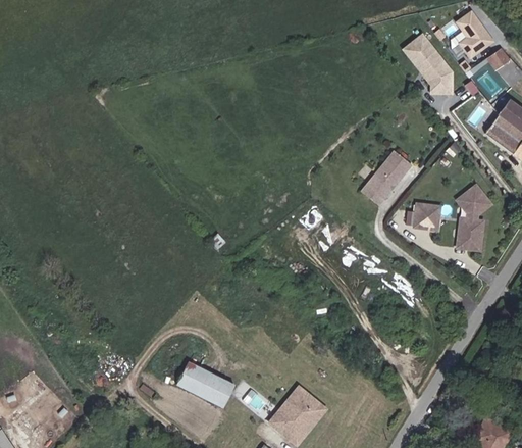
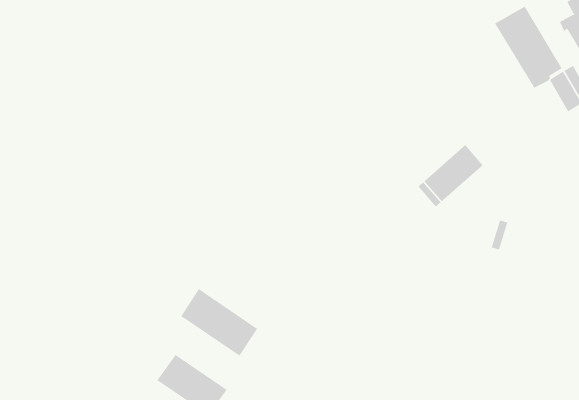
building: [457,187,490,249] -> none
building: [412,205,432,231] -> none
building: none -> [181,288,258,356]

